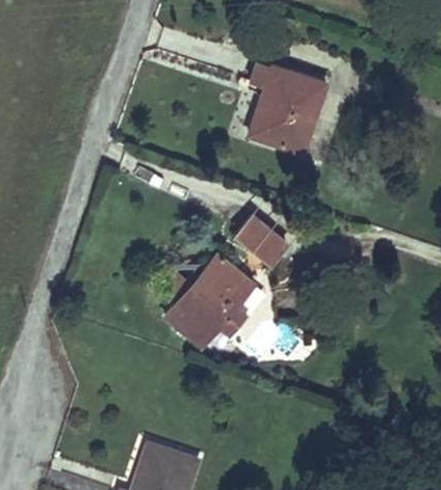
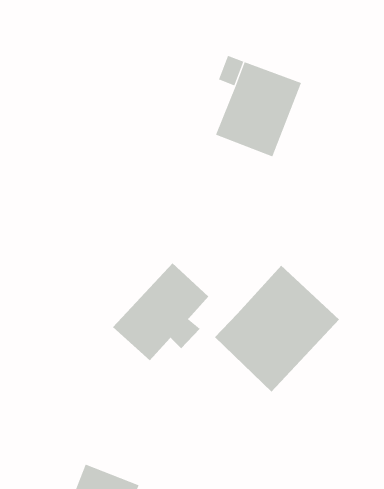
building: [237,217,287,264] -> none
building: none -> [214,265,340,392]

